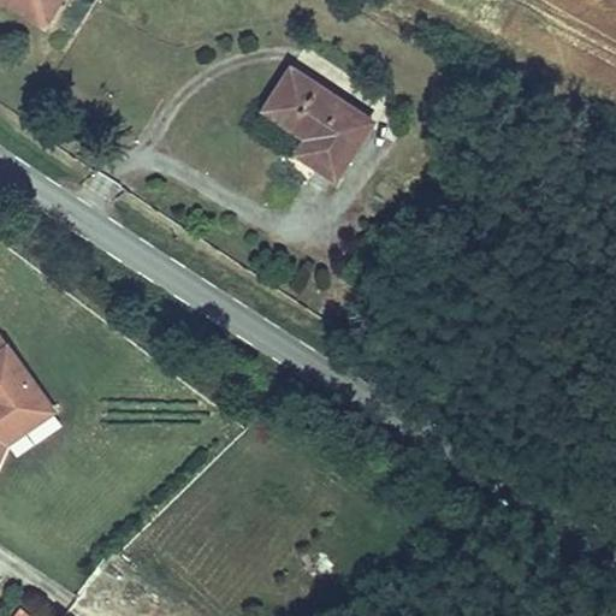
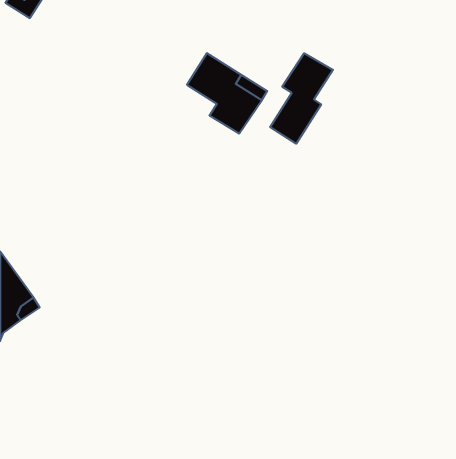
building: none -> [270,53,333,144]

